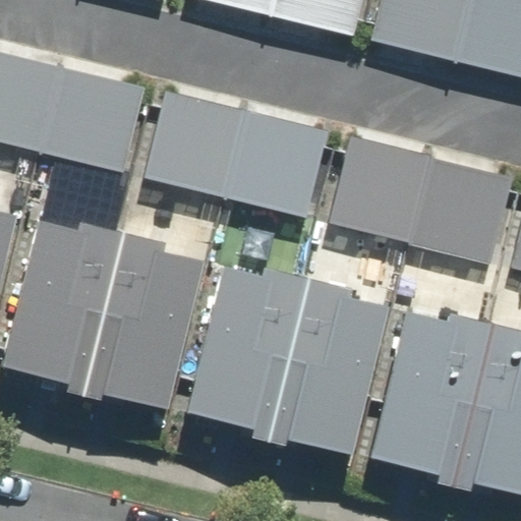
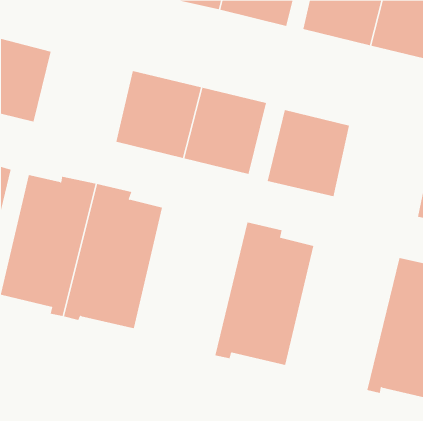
building: [44,67,144,173] -> none
building: [411,158,514,265] -> none
building: [187,265,304,440] -> none
building: [370,308,490,482] -> none

